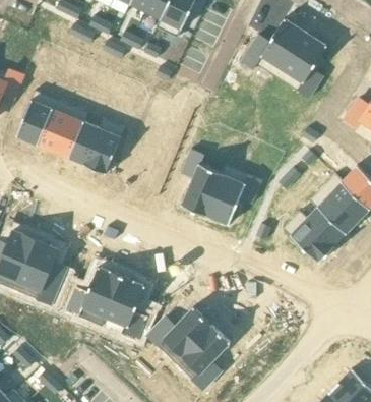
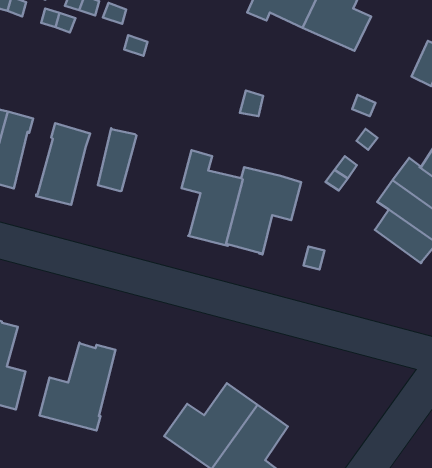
building: [70,121,101,164] -> [98,128,137,191]
building: [284,211,336,263] -> none
building: [106,275,147,341] -> none

